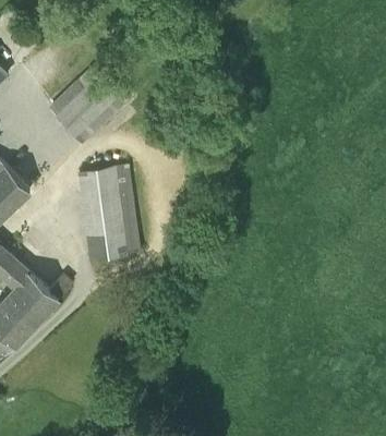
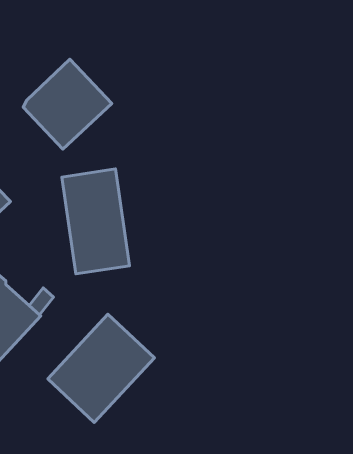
building: none -> [48,314,154,422]

